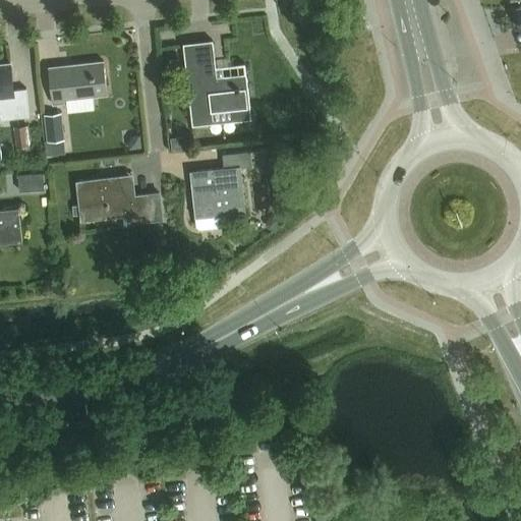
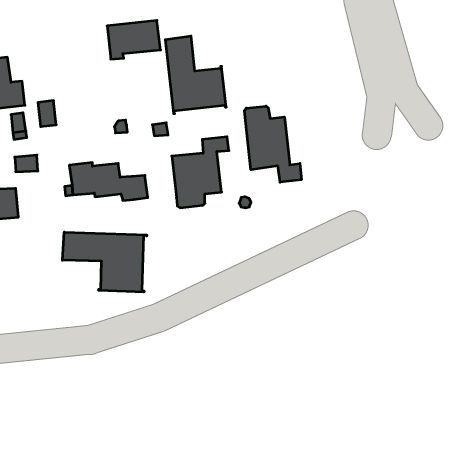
building: [47,63,106,106] -> [107,20,161,59]
building: none -> [244,106,301,182]
building: none -> [62,232,147,292]

